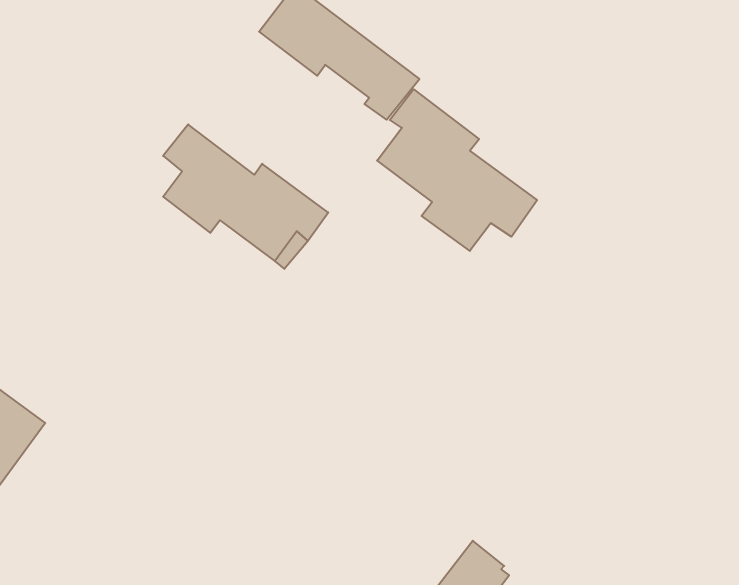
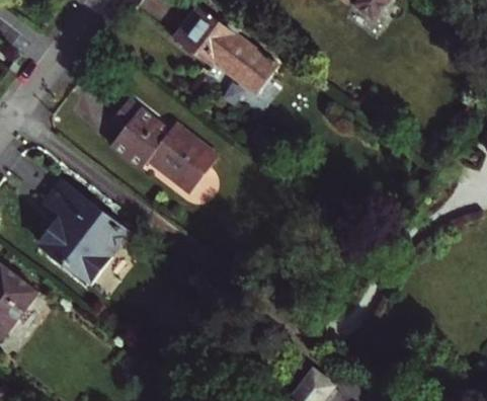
building: [377,89,537,251] -> none
building: none -> [44,185,127,282]

